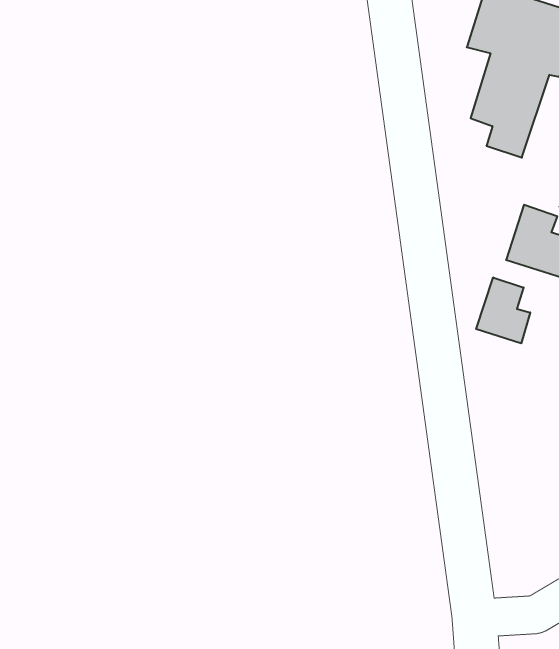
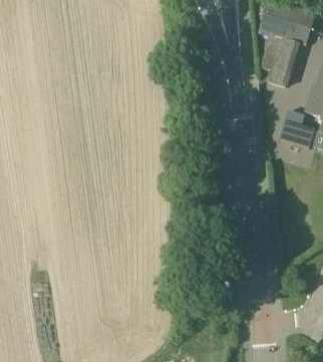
building: [476,277,530,343] -> none

